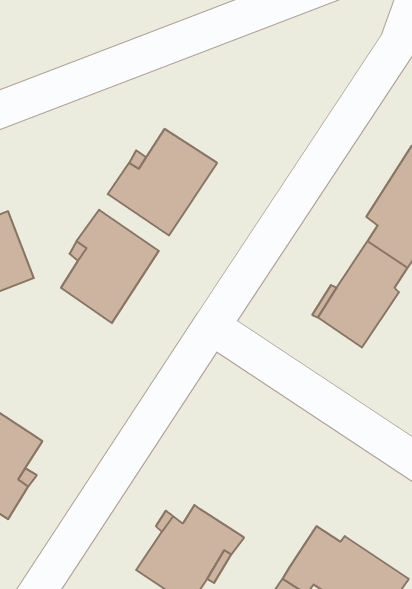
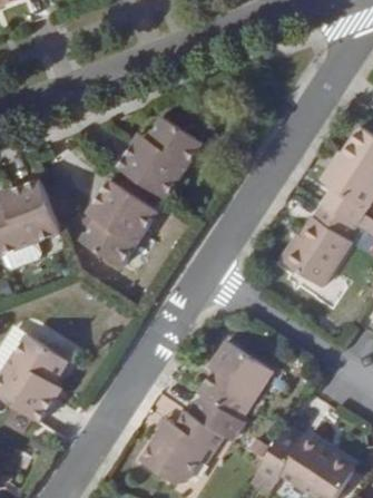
building: none -> [192,341,272,441]

